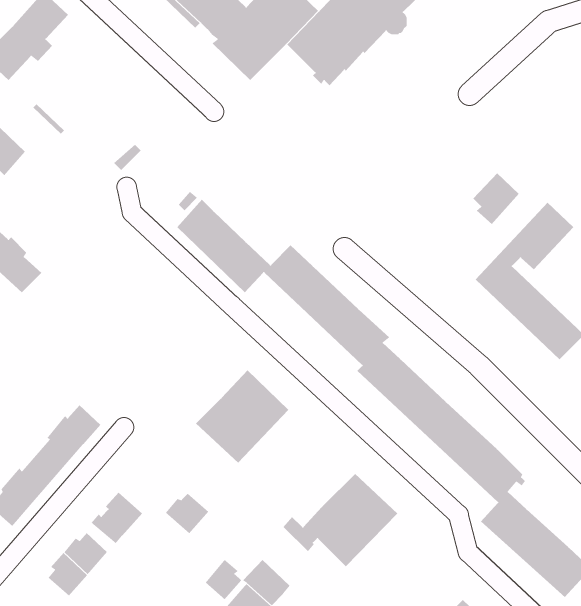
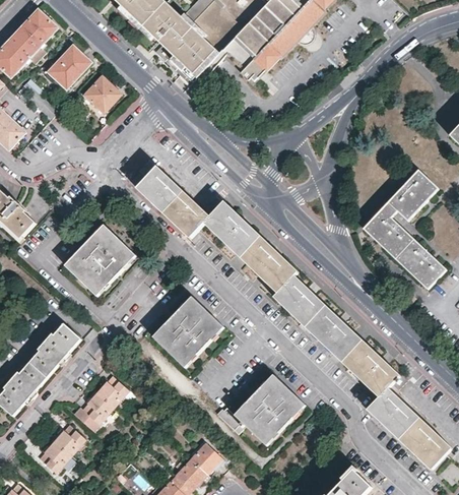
building: none -> [45,45,89,91]
building: none -> [83,75,120,112]
building: [472,172,520,225] -> none
building: none -> [65,224,135,295]
building: [165,493,209,534] -> [93,373,127,405]
building: [205,559,242,600] -> none

